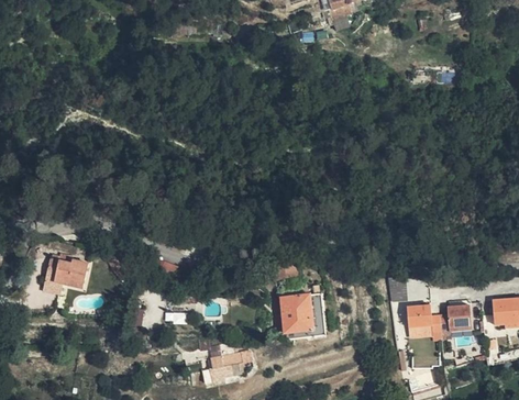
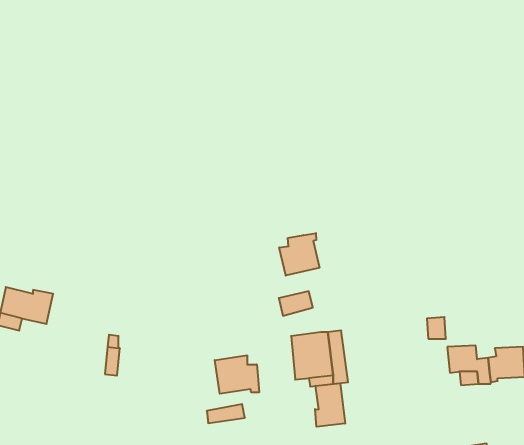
building: none -> [279,233,319,276]
building: none -> [215,355,259,394]
building: none -> [315,383,345,427]

